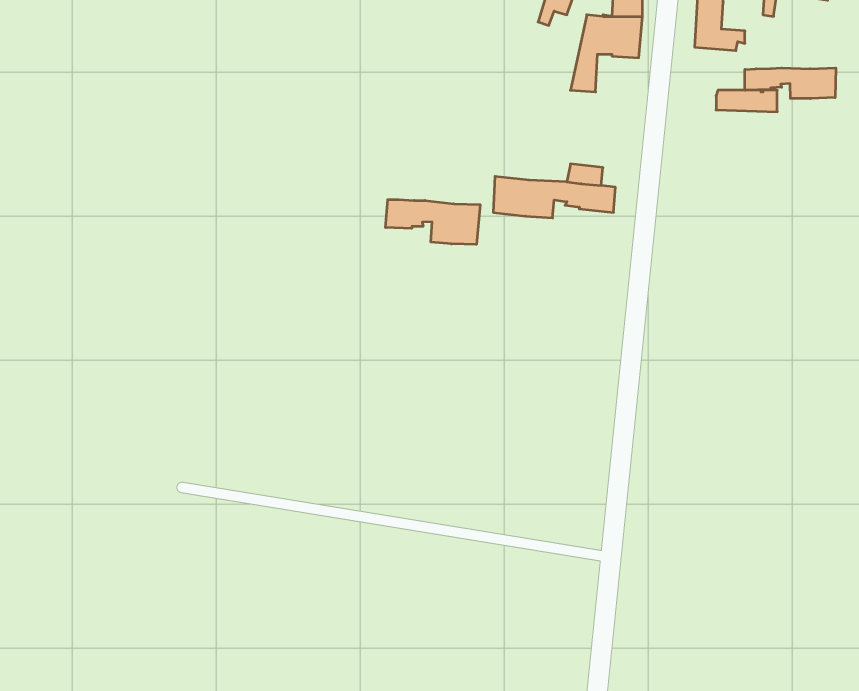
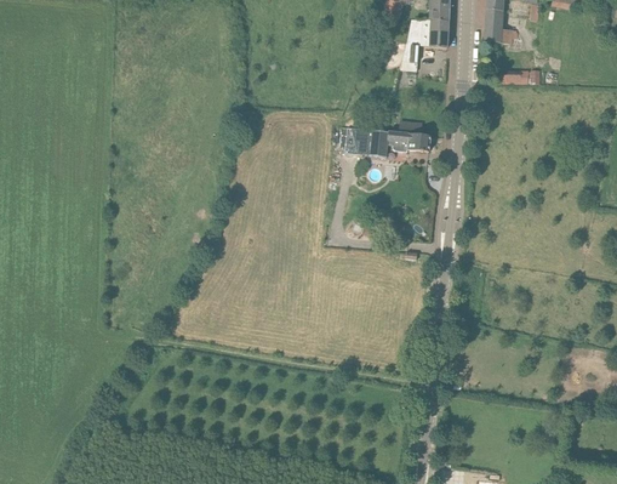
building: [745,68,836,99] -> none
building: [386,200,480,244] -> none

